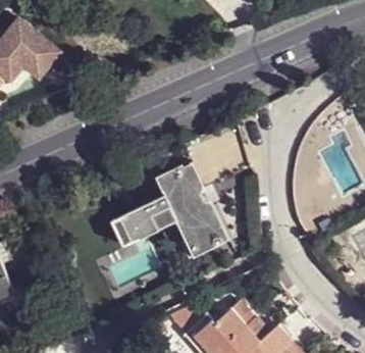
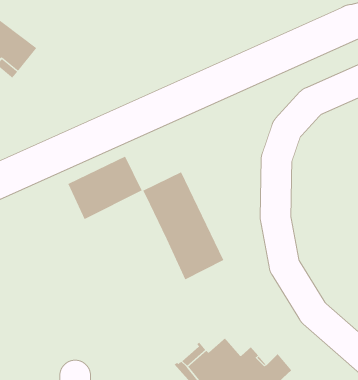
building: [108,190,176,248] -> [67,156,142,220]

